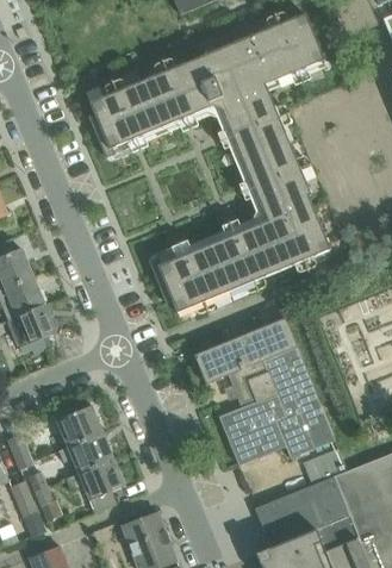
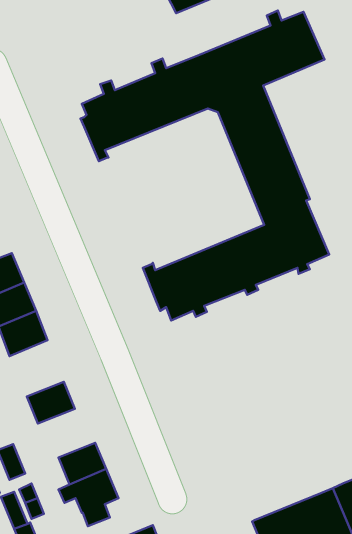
building: [193,306,336,466] -> none
building: [55,406,101,447] -> [27,382,75,424]
building: [301,448,346,485] -> none

